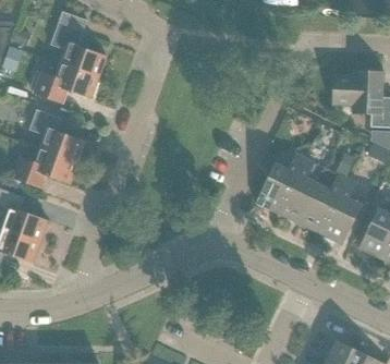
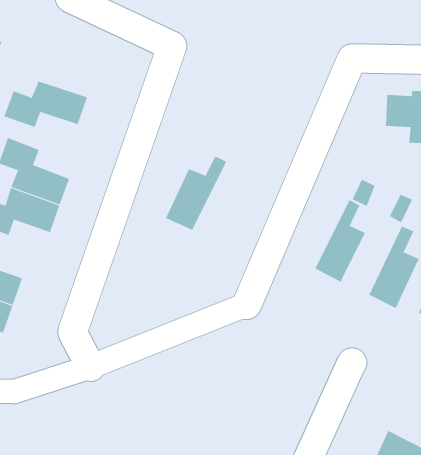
building: [50,12,107,77] -> none
building: [256,154,305,213] -> [165,156,227,231]
building: [298,174,346,233] -> none

